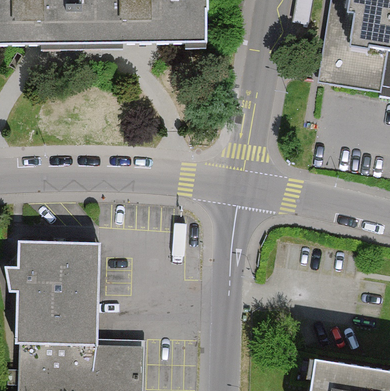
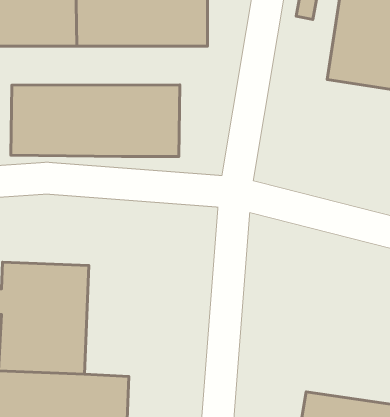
building: none -> [11,85,180,156]

